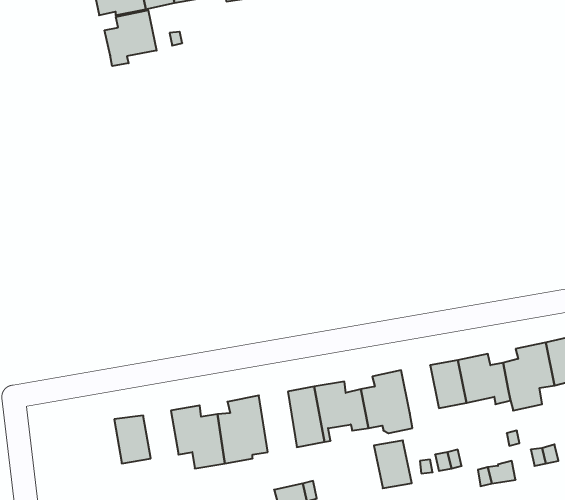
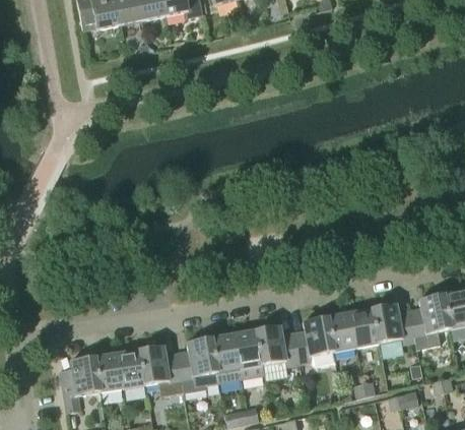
building: [105,10,157,66] -> none
building: none -> [211,333,242,382]
building: none -> [118,349,146,387]
building: none -> [60,356,101,413]
building: [374,440,412,488] -> [326,312,356,351]

